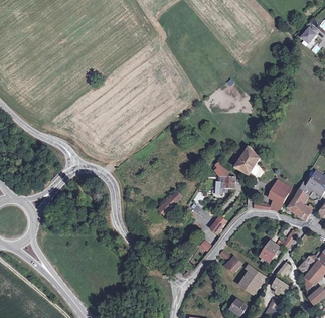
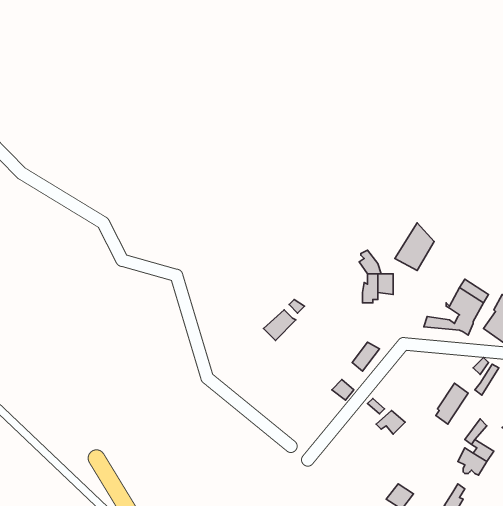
building: [239,264,267,293] -> none

